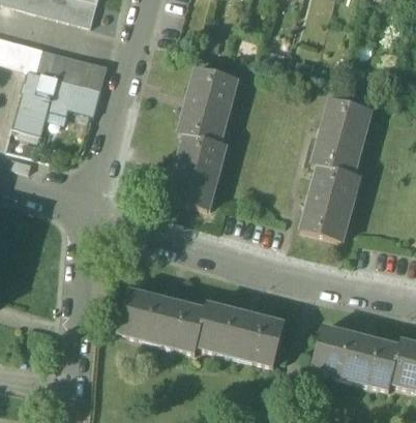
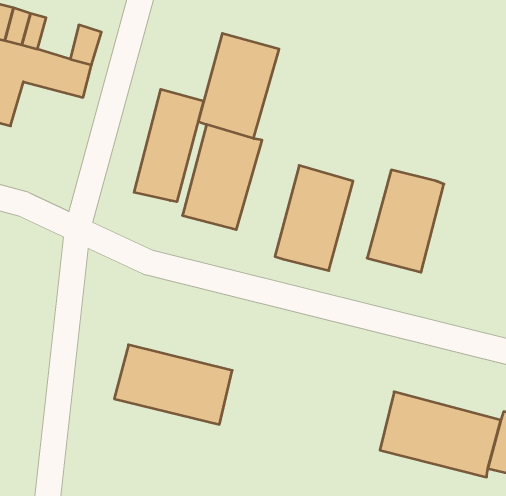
building: [61,56,91,86] -> none
building: [313,98,369,175] -> [275,165,353,271]
building: none -> [134,89,204,202]
building: [195,304,284,366] -> none

